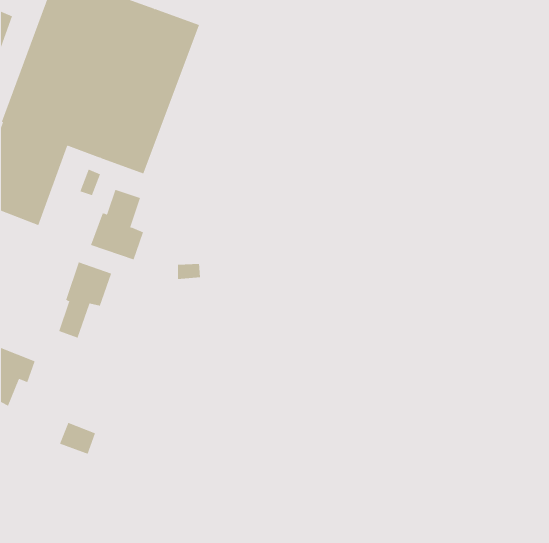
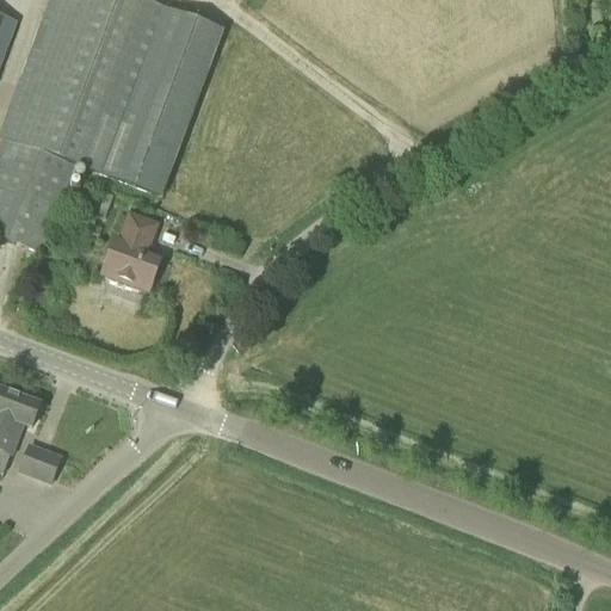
building: [58,261,112,338] -> none
building: [59,422,96,455] -> [18,444,58,480]

